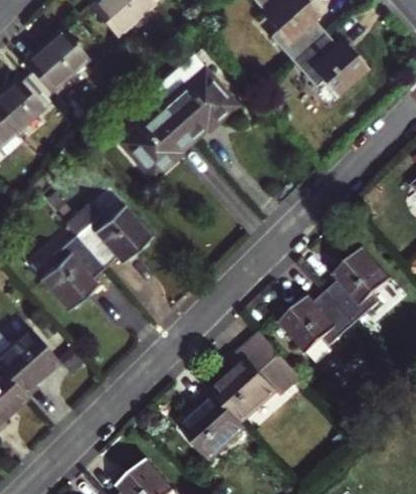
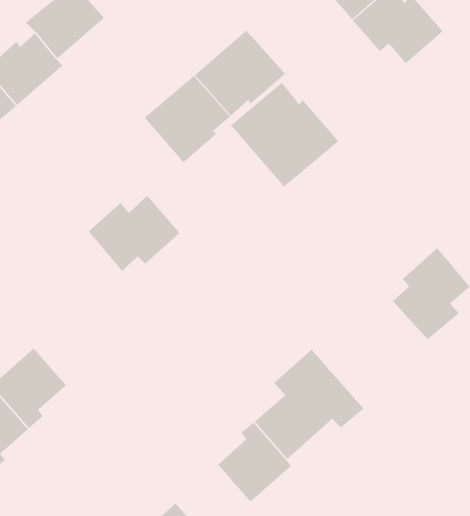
building: none -> [230,82,339,187]
building: [40,234,102,309] -> none
building: [278,292,354,352] -> none

